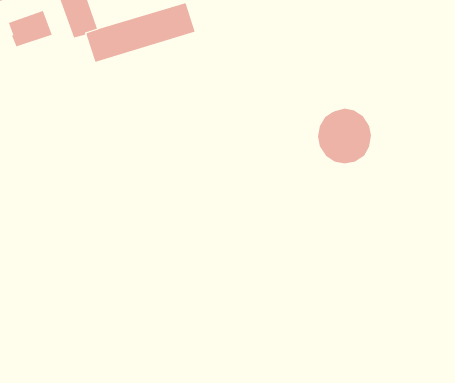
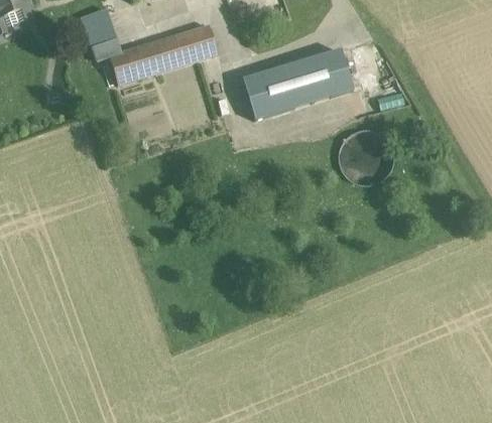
building: [8,10,52,47] -> none
building: none -> [242,49,352,119]

